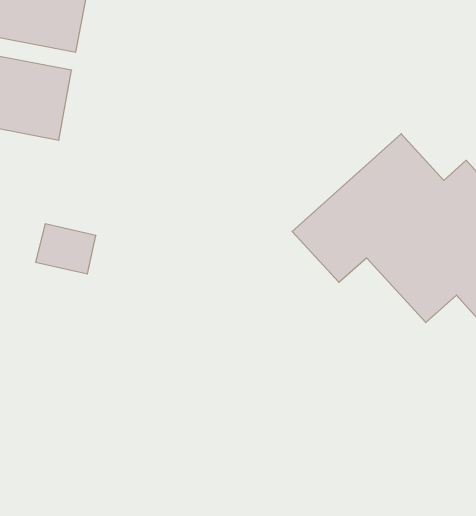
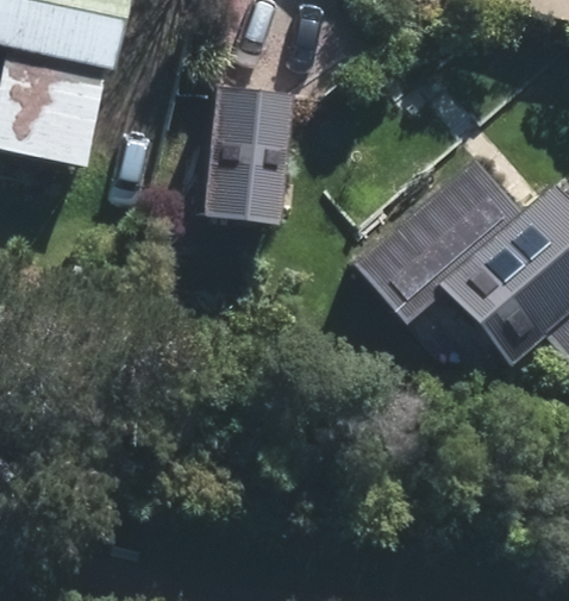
building: none -> [198,82,304,231]

